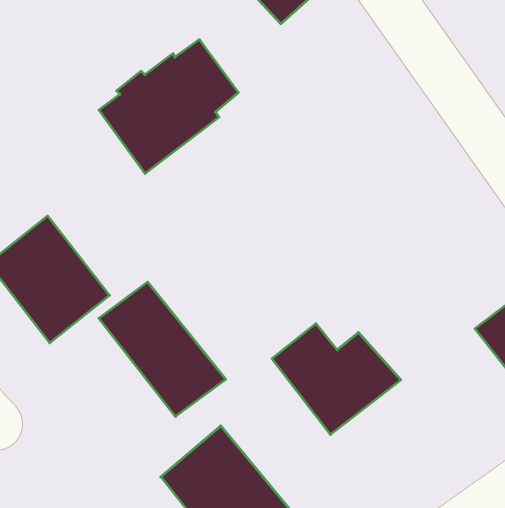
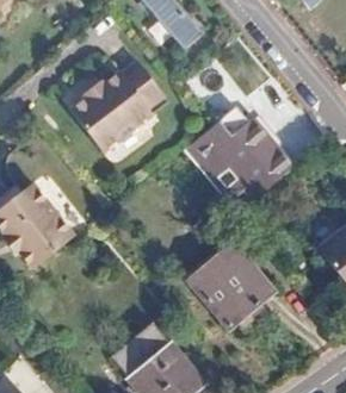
building: none -> [184,107,294,214]
building: [99,282,226,417] -> none

